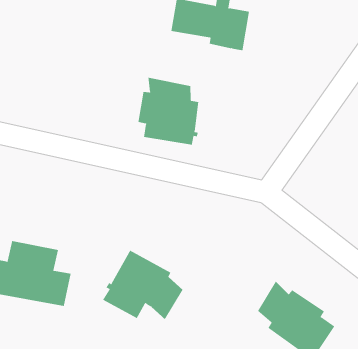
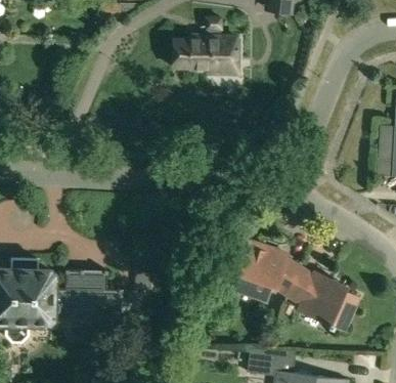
building: [138,77,199,146] -> none
building: [102,250,183,320] -> [230,240,299,298]

